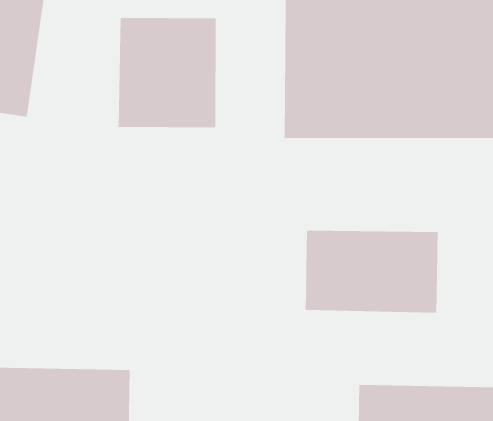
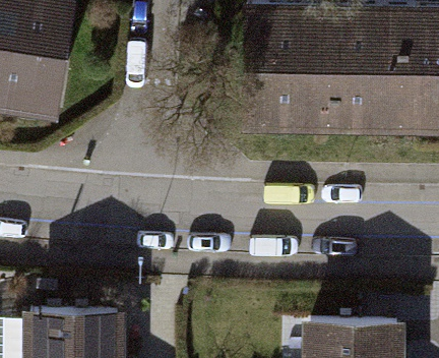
building: [118,17,216,128] -> none
building: [305,230,438,313] -> none

